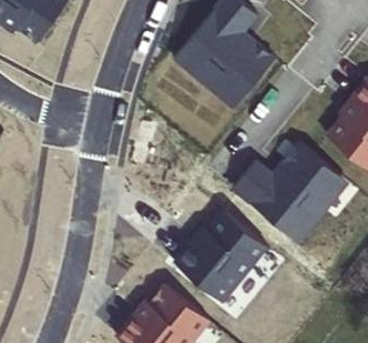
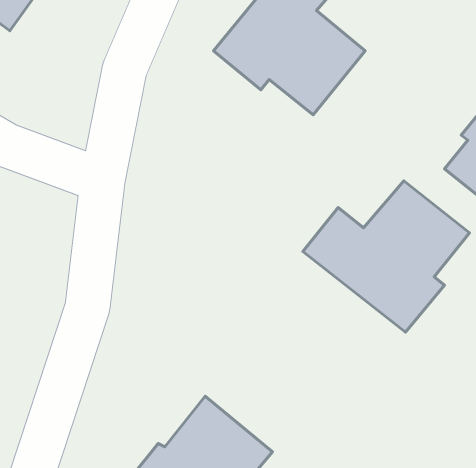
building: [175,211,268,302] -> none

